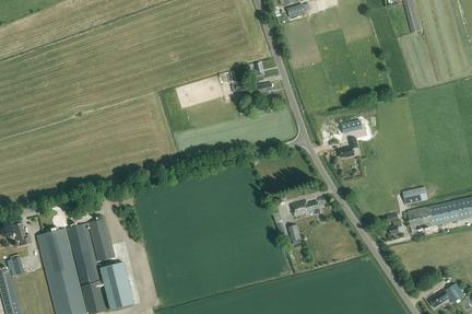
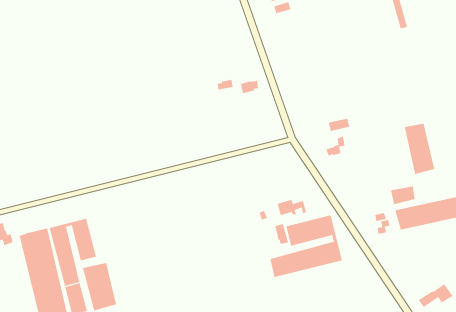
building: none -> [404,123,435,175]
building: none -> [270,214,342,278]

